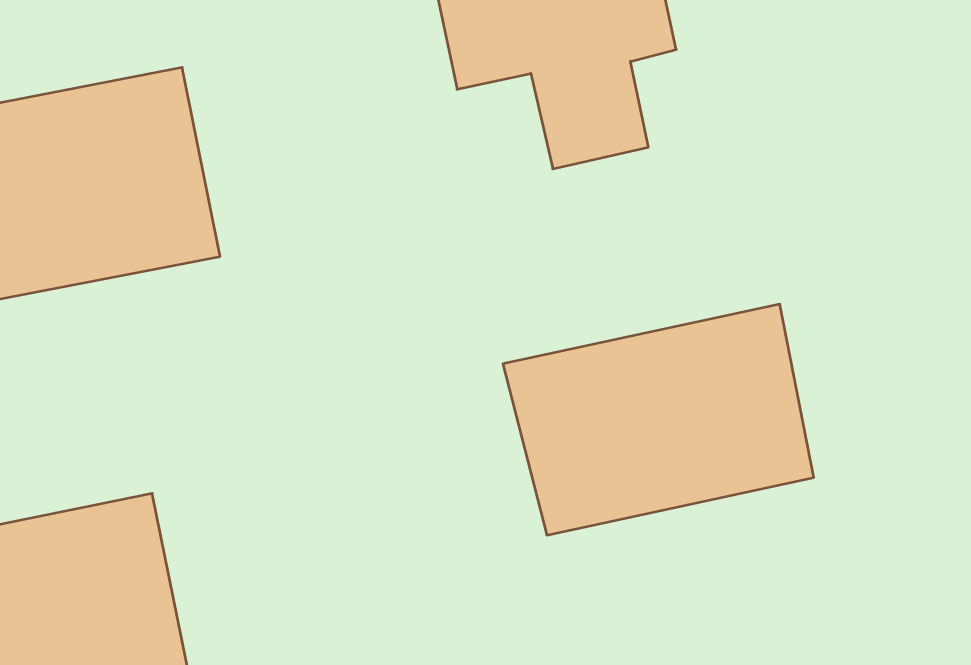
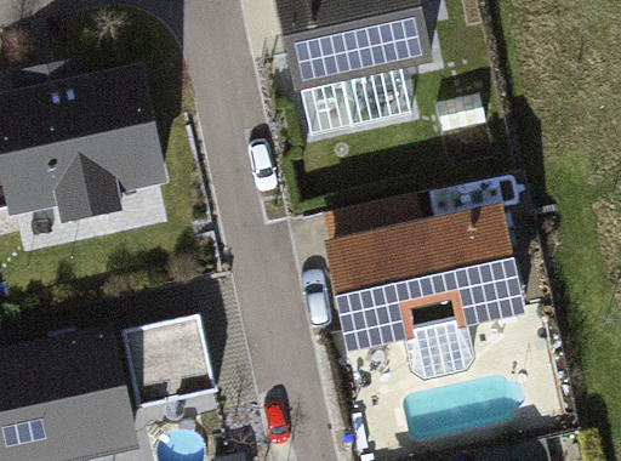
building: none -> [127,314,218,403]

